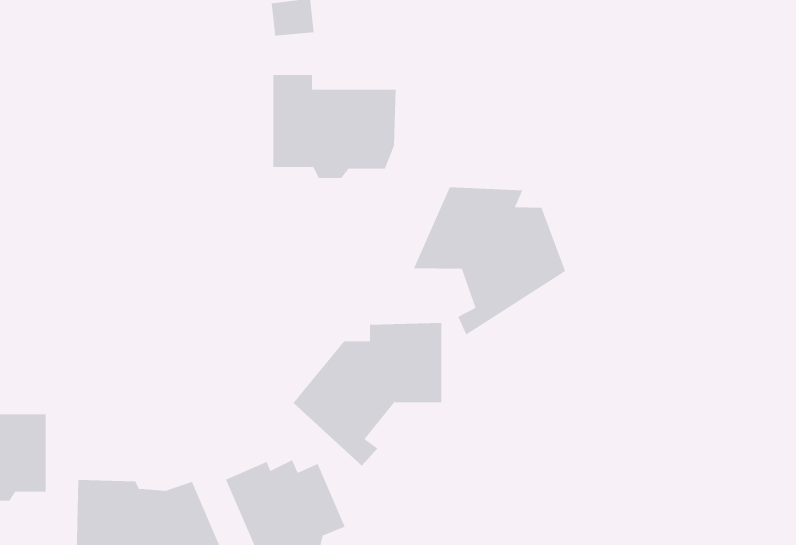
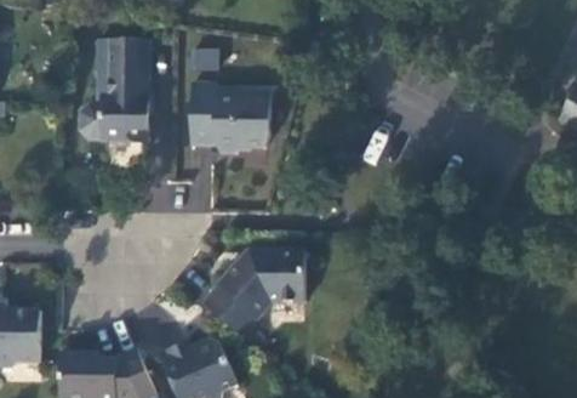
building: none -> [80,39,150,142]
building: [413,187,566,336] -> none

